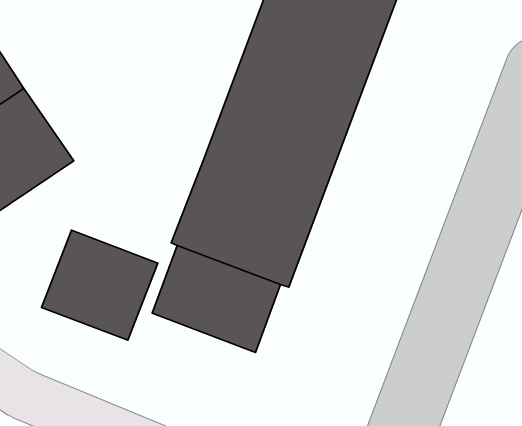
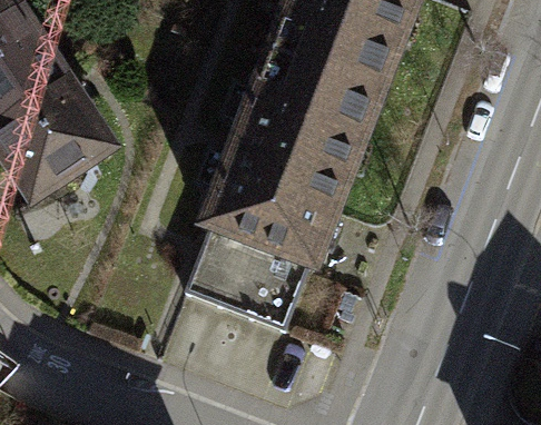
building: [42,230,158,340] -> none

